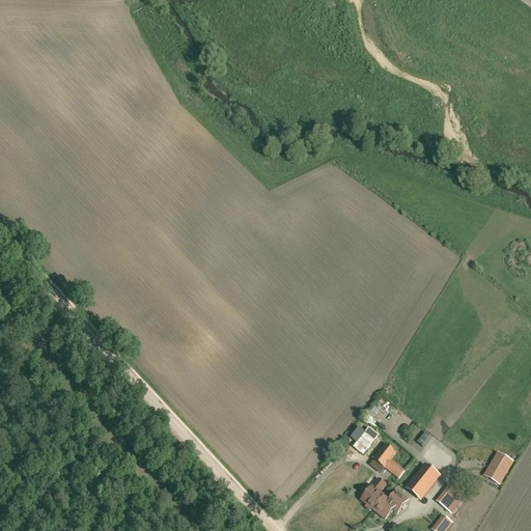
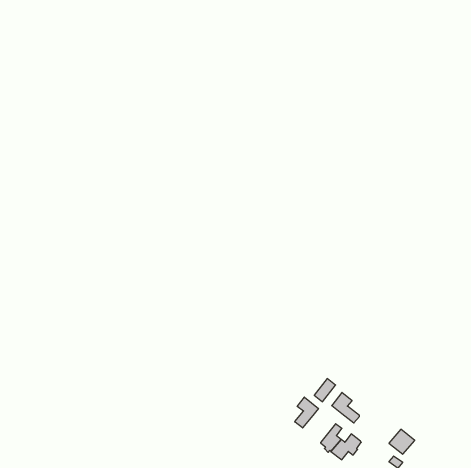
building: none -> [295,397,318,428]
building: [485,451,512,482] -> none
building: [407,464,439,497] -> none

